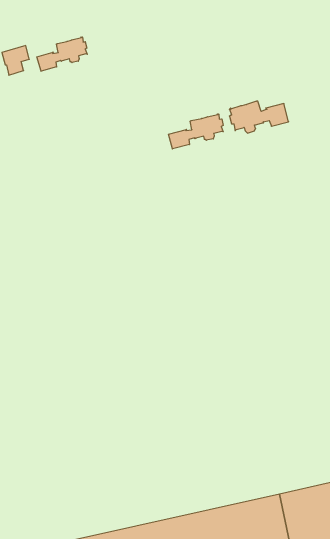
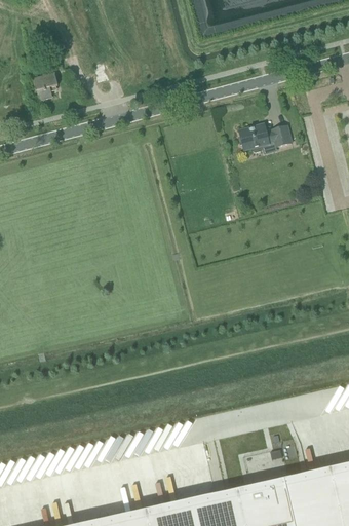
building: [37,37,87,71] -> none
building: [168,114,223,149] -> none

